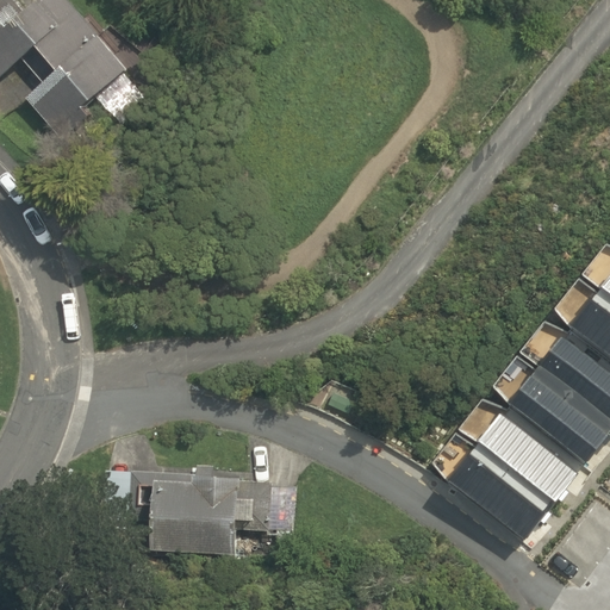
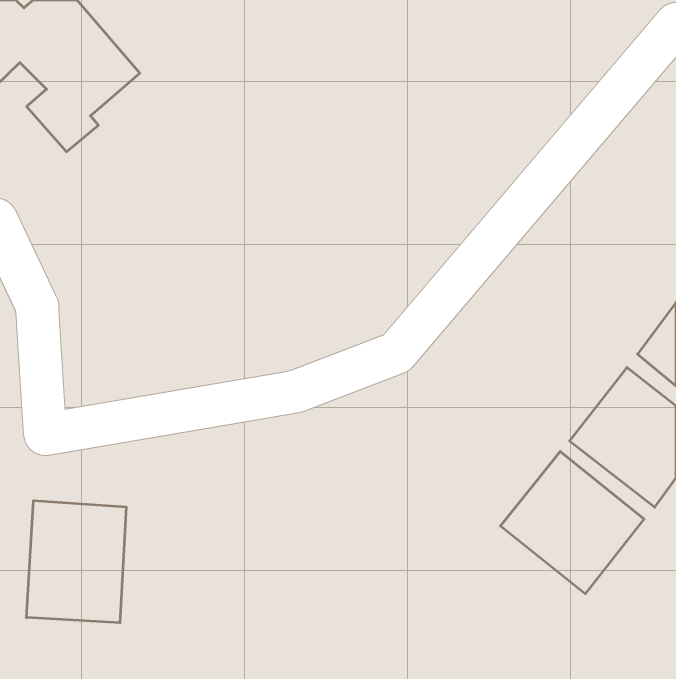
building: none -> [26,501,126,623]
building: [149,469,294,552] -> none

